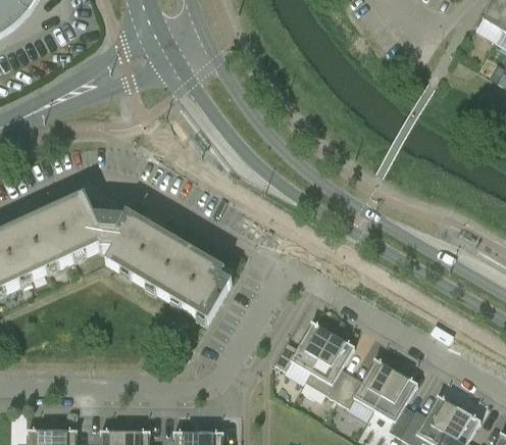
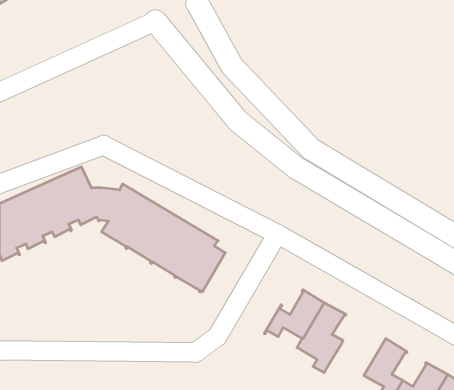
building: [337,357,396,408] -> none

